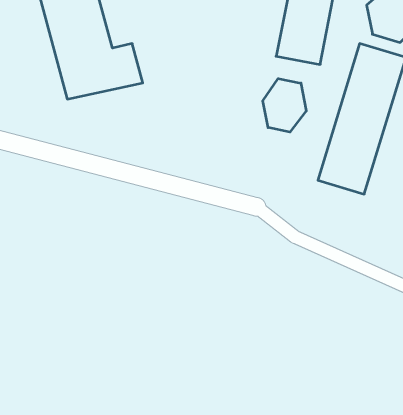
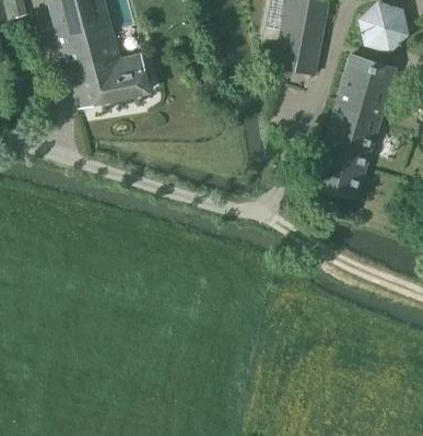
building: [263,79,306,132] -> none

